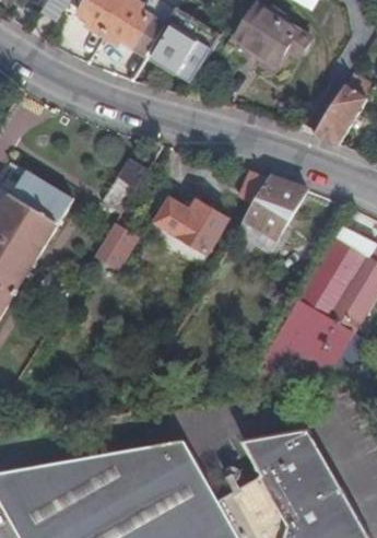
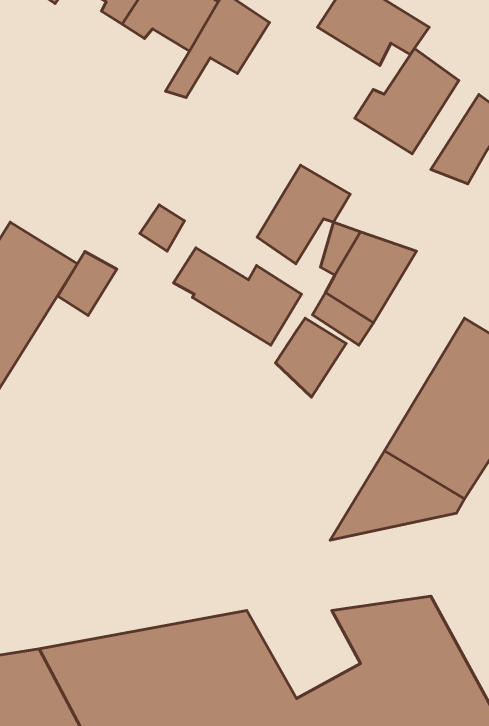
building: none -> [355,48,459,154]
building: none -> [257,165,350,264]
building: [94,224,134,268] -> [58,252,117,315]
building: none -> [275,318,346,397]

